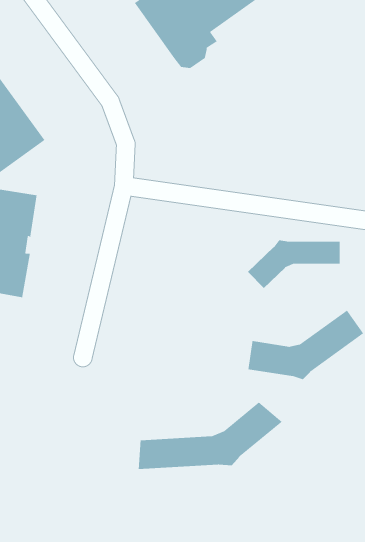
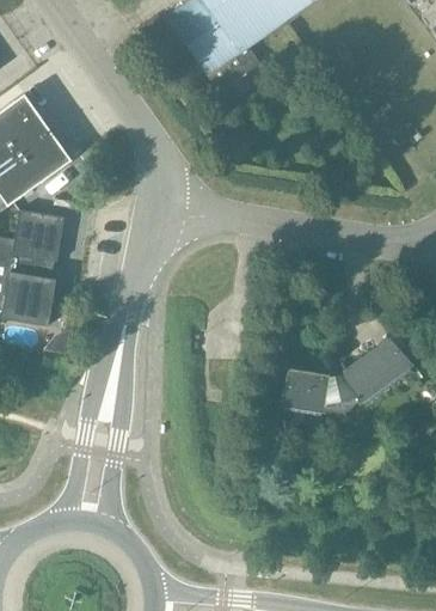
building: [247,239,340,289] -> none
building: [138,401,283,470] -> none

